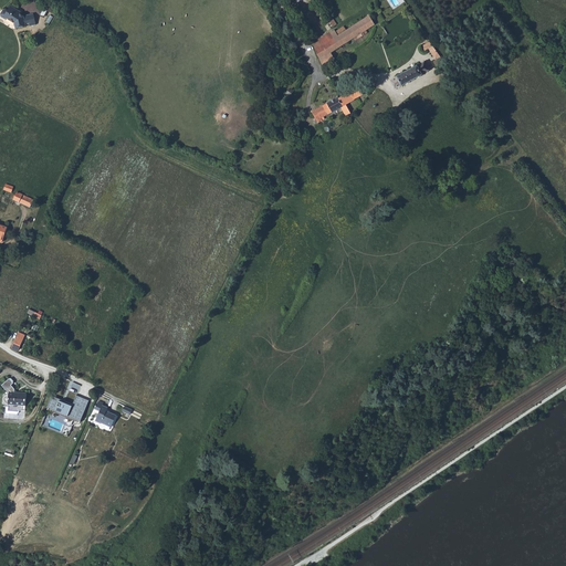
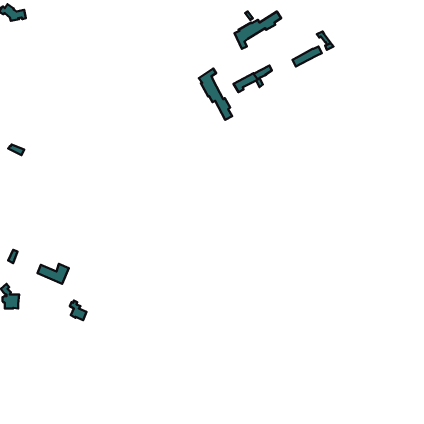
building: none -> [199,68,232,120]
building: [46,395,88,421] -> [37,264,69,284]

